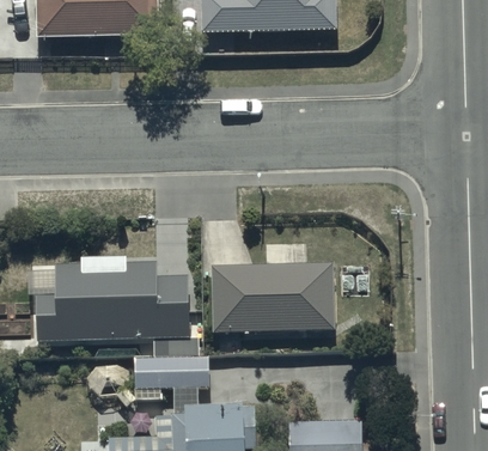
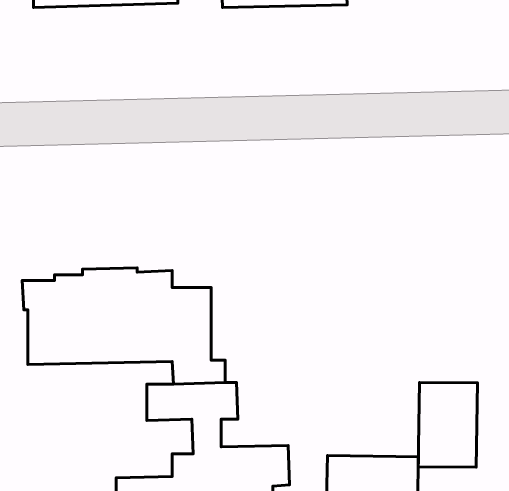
building: [212,262,334,331] -> none
building: none -> [418,382,477,467]

